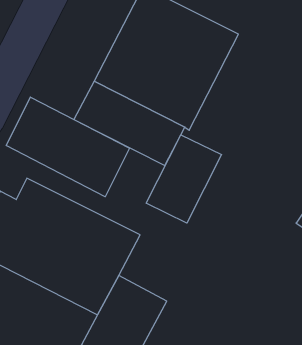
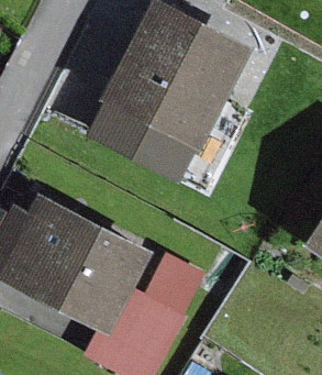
building: [6,97,129,197] -> none
building: [146,135,222,223] -> none

